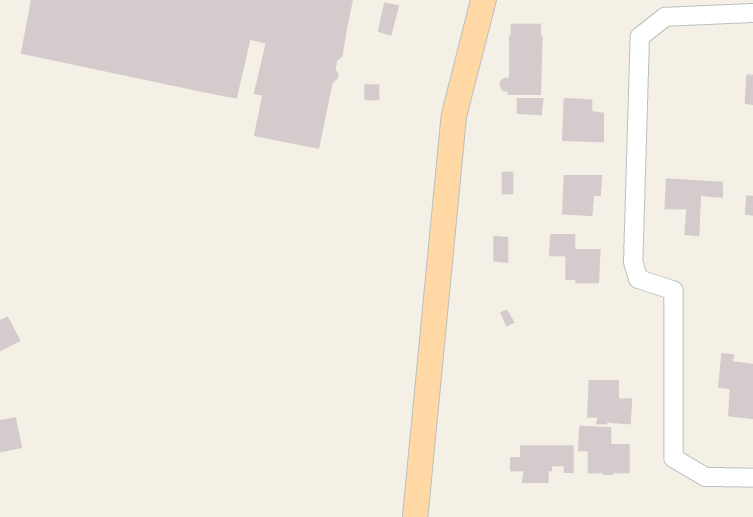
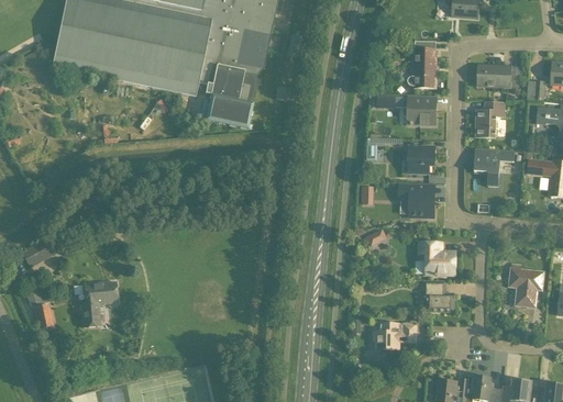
building: [498,23,543,96] -> [407,41,437,88]
building: none -> [476,64,520,88]
building: none -> [475,101,505,137]
building: none -> [81,281,118,327]
building: [577,425,631,475] -> [419,242,454,275]

